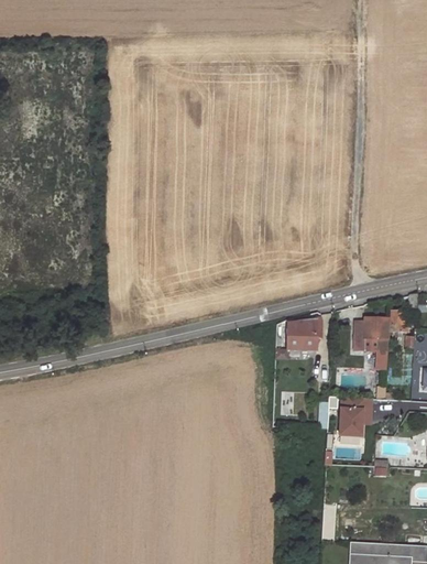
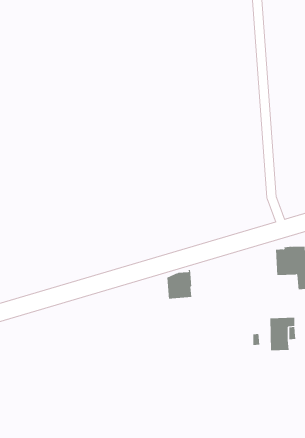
building: [288,317,317,349] -> [166,270,192,299]

